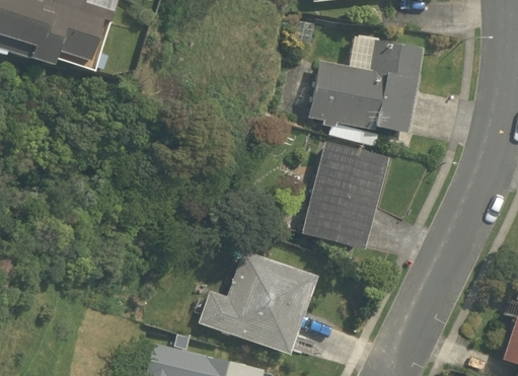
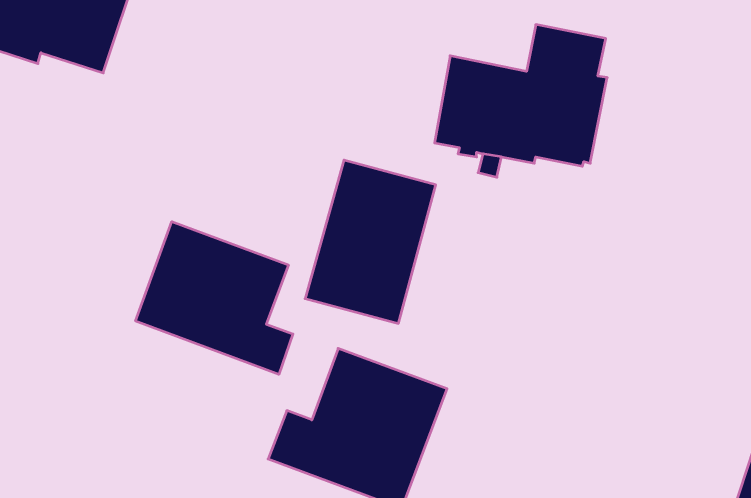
building: [301,142,386,248] -> [305,160,436,323]
building: none -> [136,222,293,374]

